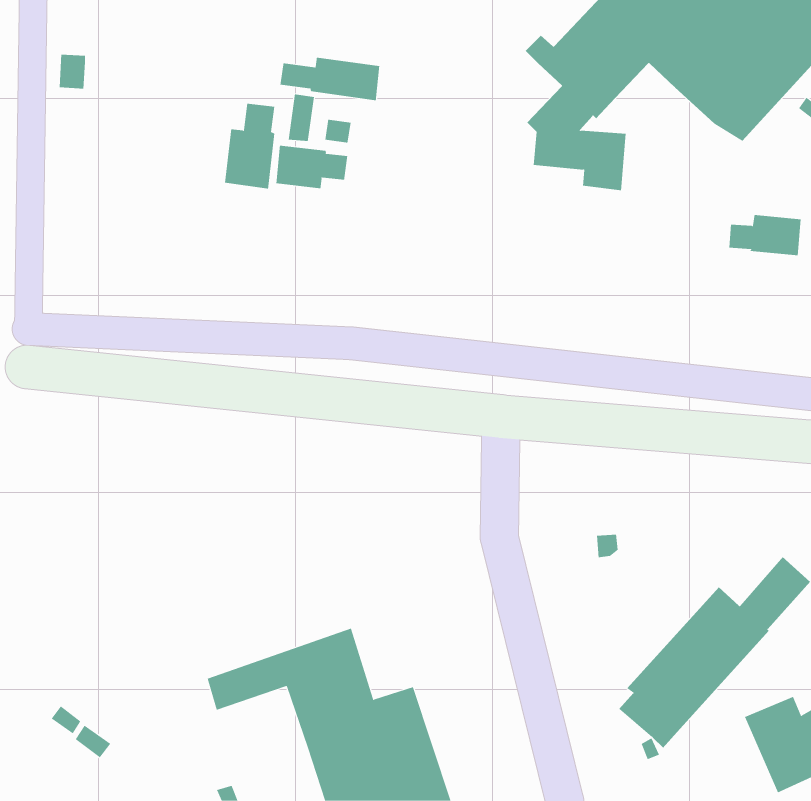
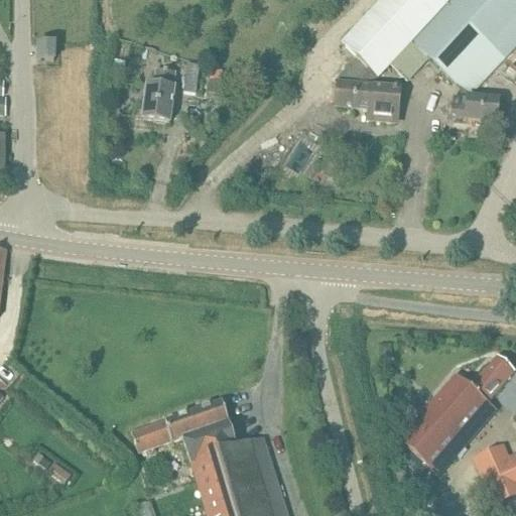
building: [280,57,380,101] -> none
building: [276,145,348,189] -> none
building: [728,215,802,256] -> [453,94,499,120]

